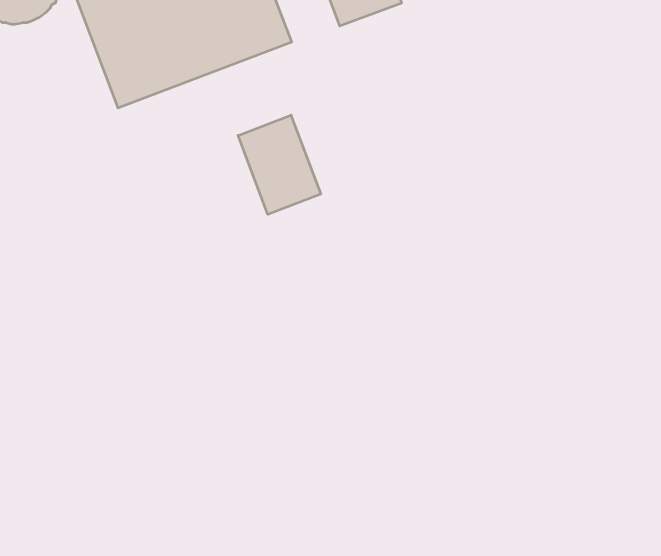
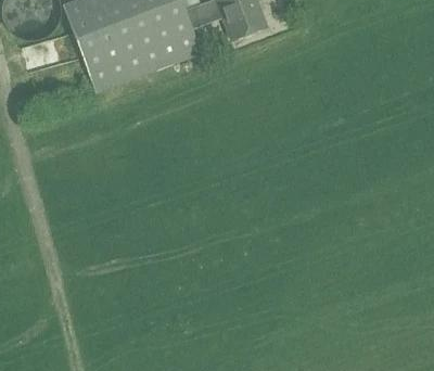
building: [238,115,321,214] -> none

